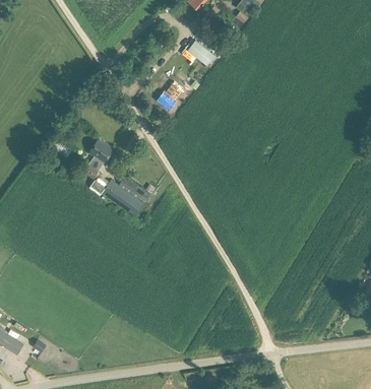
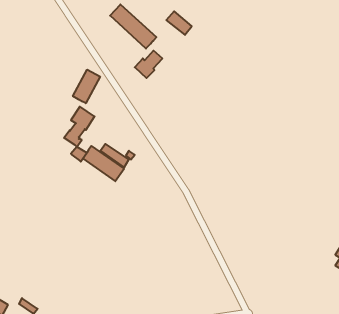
building: none -> [110,4,156,49]
building: none -> [73,70,100,103]

